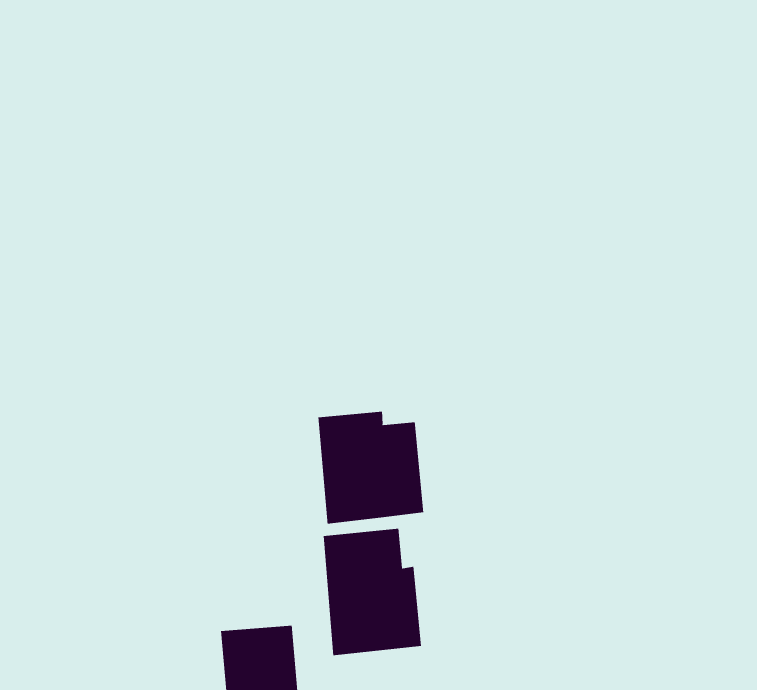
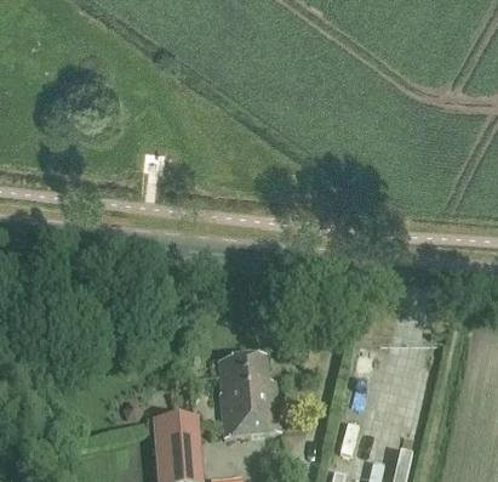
building: [318,411,424,524] -> none

